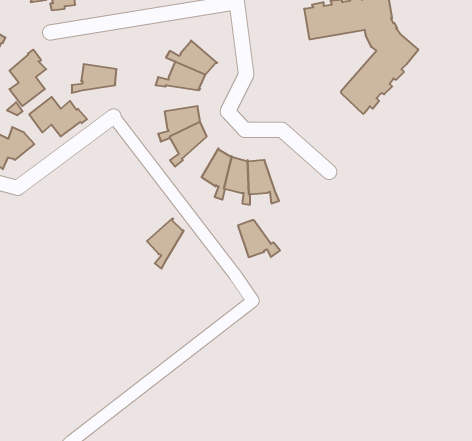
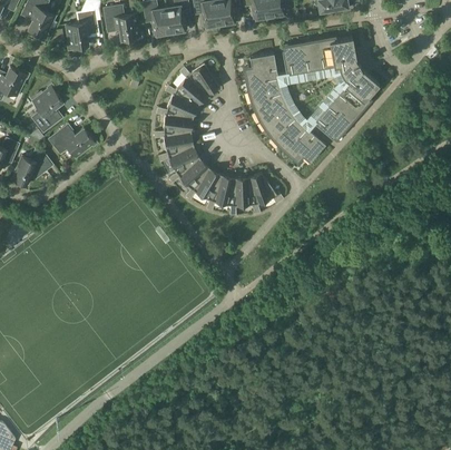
building: none -> [246,53,325,163]
building: none -> [179,63,219,96]
building: [72,64,117,93] -> [155,115,193,139]
building: [147,219,184,269] -> [178,158,209,200]
building: [238,220,280,257] -> [248,174,284,205]

